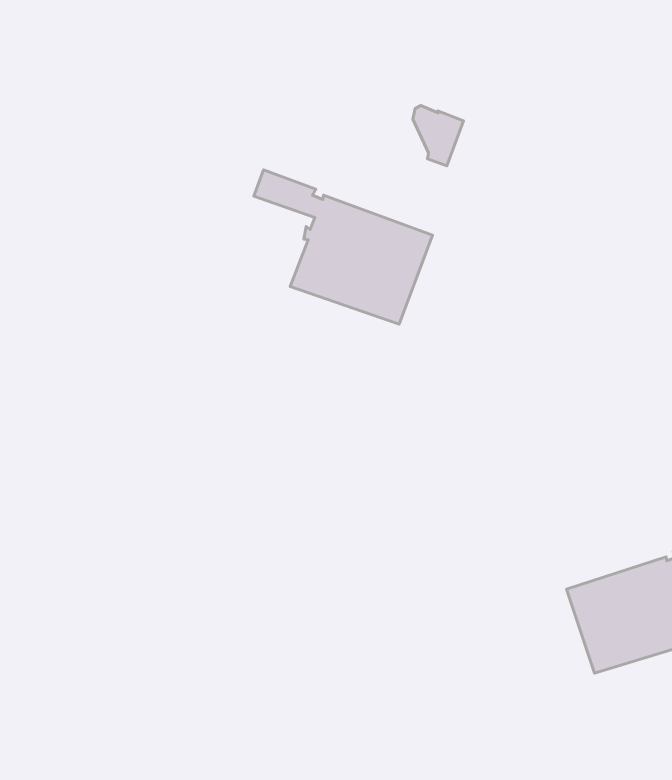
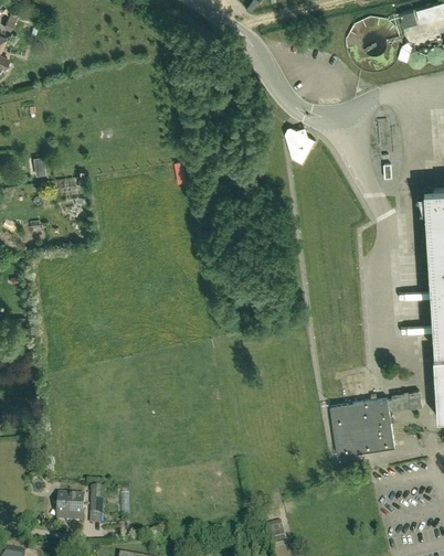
building: [254,170,432,324] -> none

